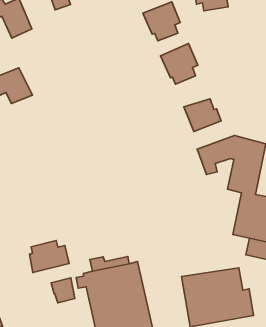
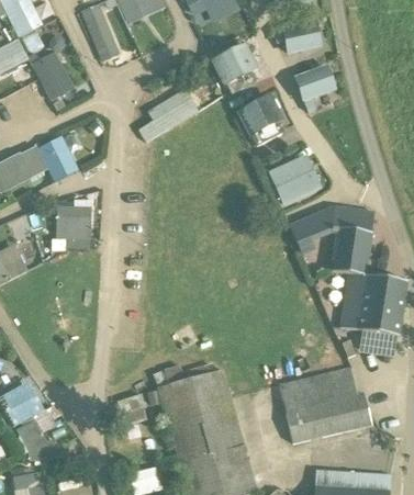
building: none -> [295,68,331,111]
building: none -> [142,88,199,142]
building: none -> [56,205,91,247]
building: [29,240,69,273] -> none

